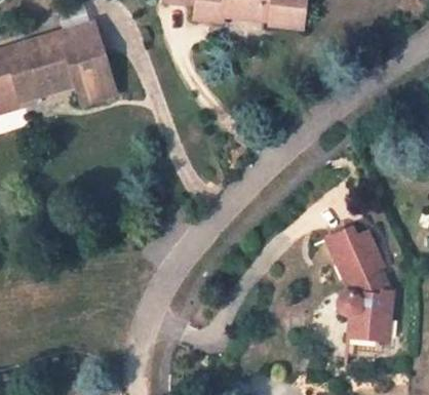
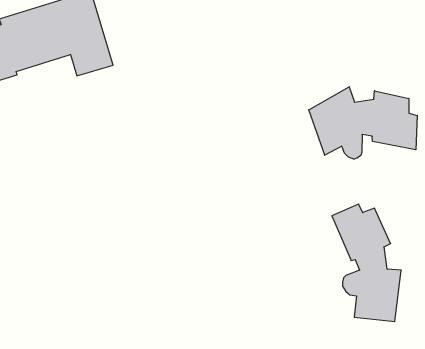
building: none -> [309,87,417,159]

